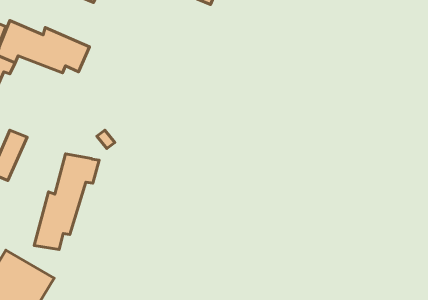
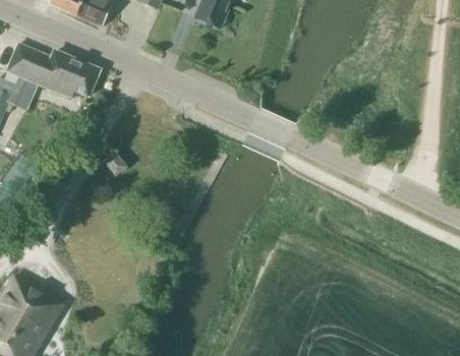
building: [34,154,99,249] -> none

